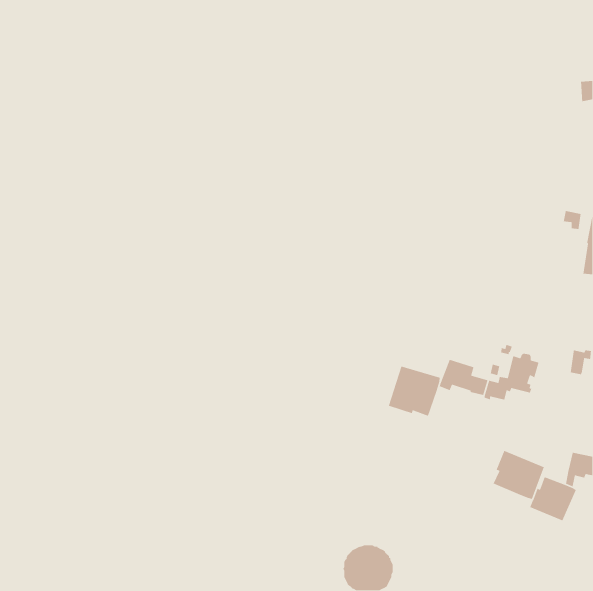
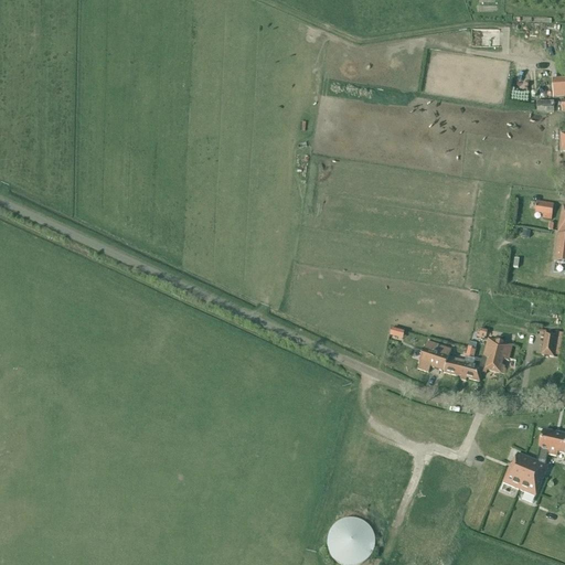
building: [388,365,441,417] -> none
building: [492,450,545,500] -> none

